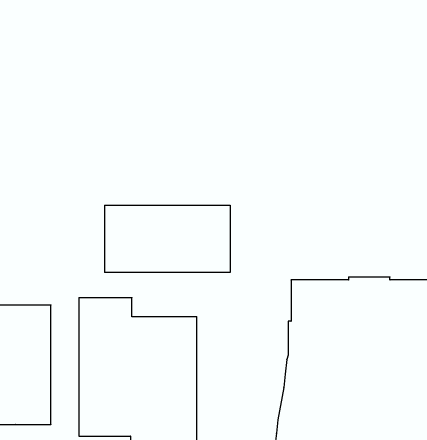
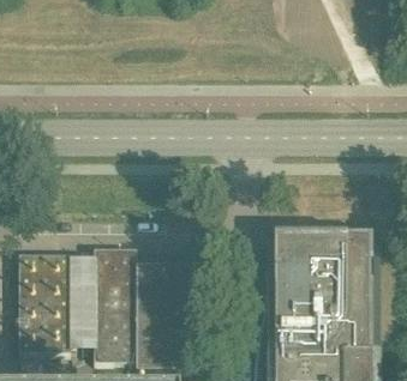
building: [105,205,230,272] -> none

